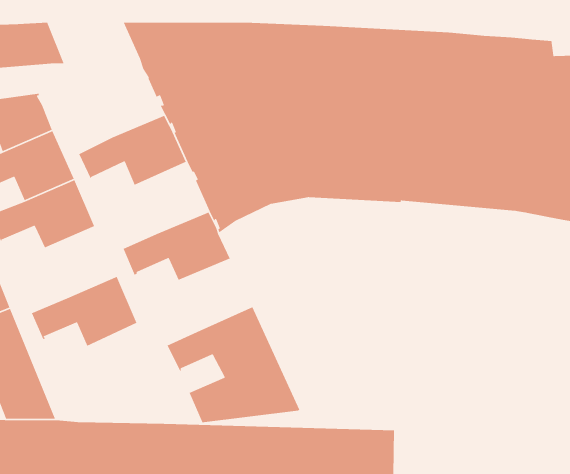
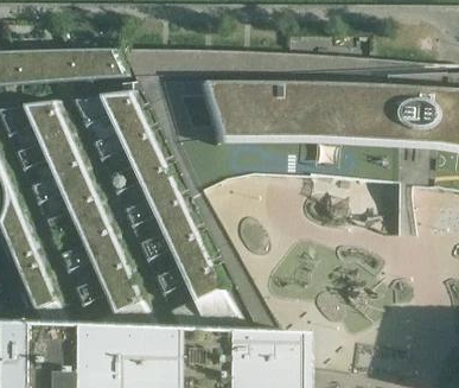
building: none -> [64,49,128,78]
building: none -> [66,89,146,129]
building: none -> [101,147,177,197]
building: none -> [38,192,113,242]
building: none -> [132,215,208,265]
building: none -> [68,260,155,330]

